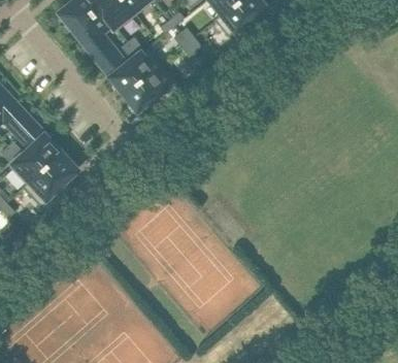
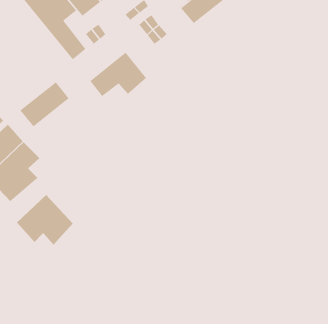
building: [110,48,160,94] -> [20,81,70,127]
building: none -> [16,194,74,245]

